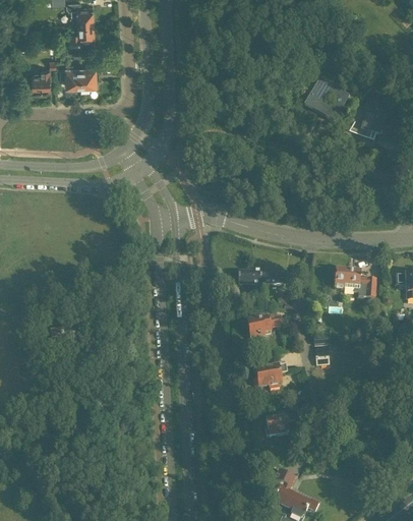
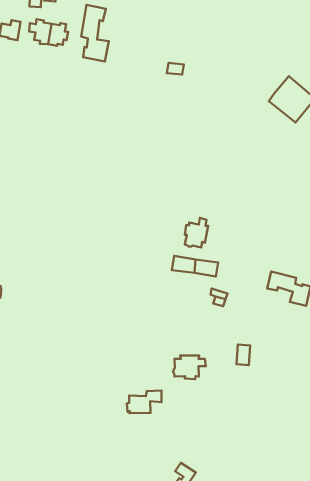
building: none -> [81,5,109,61]
building: none -> [185,218,208,248]
building: [247,316,281,339] -> none
building: [264,409,298,437] -> [127,390,162,413]

